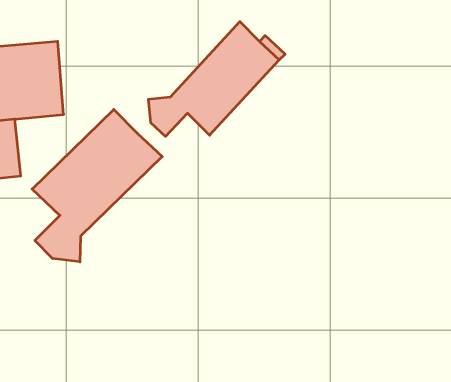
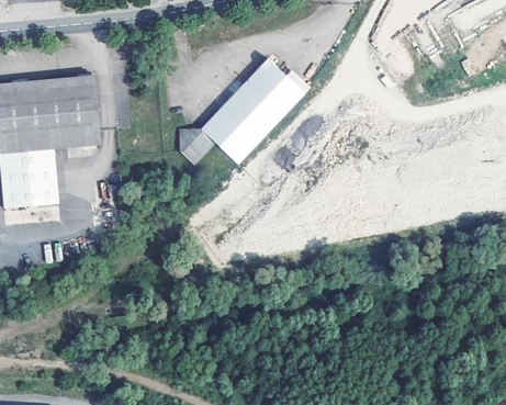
building: [32,109,162,262] -> none

